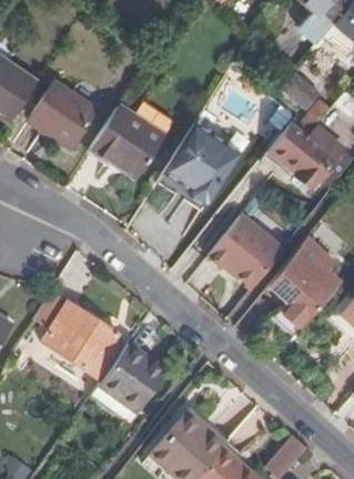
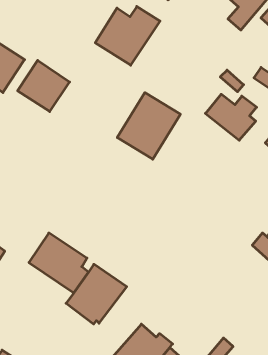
building: [91,102,174,177] -> [95,6,160,65]
building: [205,210,285,289] -> none
building: [267,236,343,327] -> none

